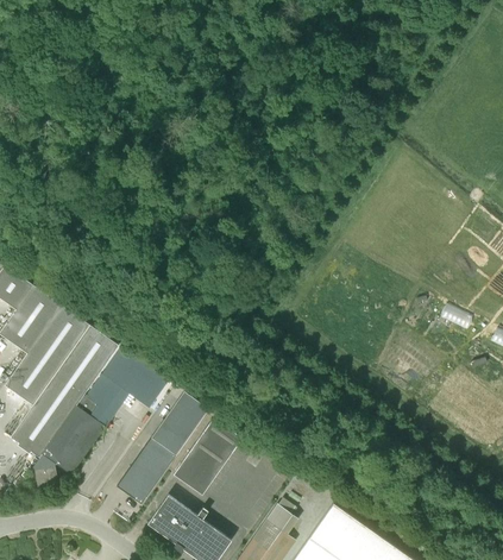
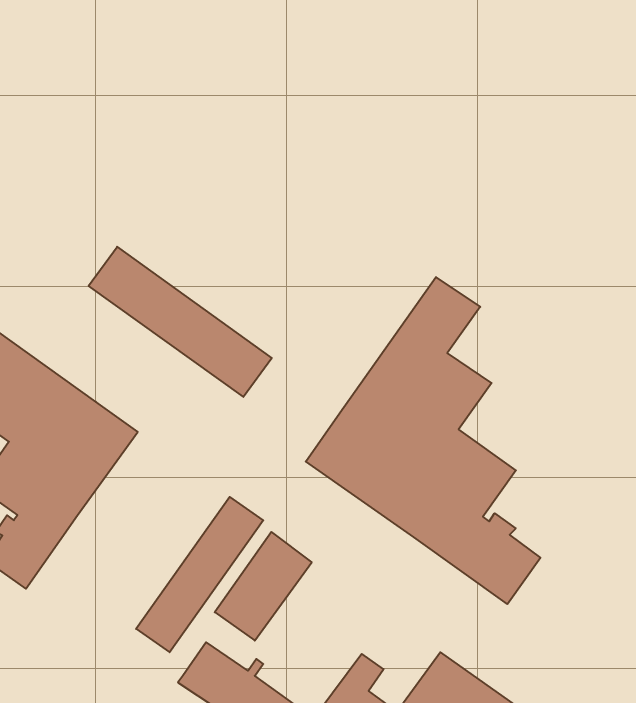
building: none -> [89,247,272,397]
building: none -> [306,277,540,604]
building: [31,346,166,491] -> none

